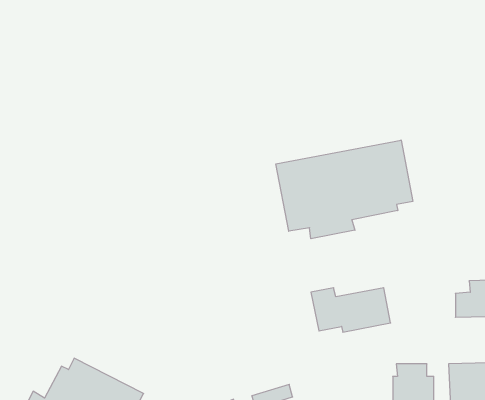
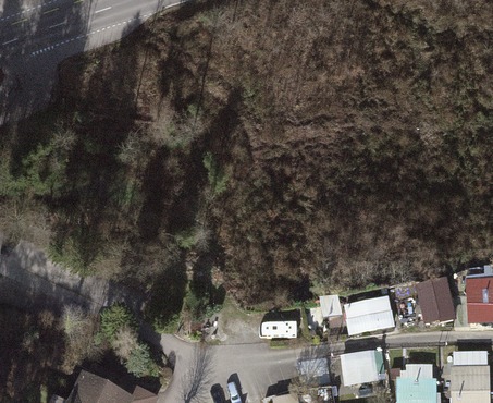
building: [276,140,413,239] -> none
building: none -> [416,284,453,320]
building: none -> [340,350,385,383]

